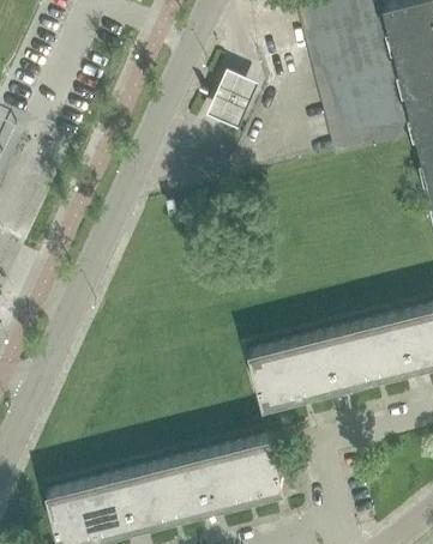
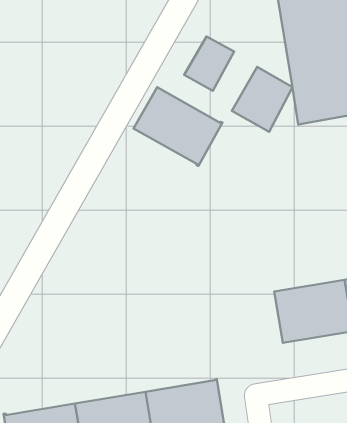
building: none -> [232,67,292,132]
building: none -> [134,87,223,166]
building: [247,334,337,409] -> none

